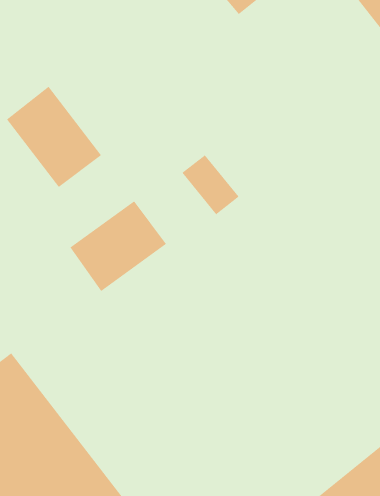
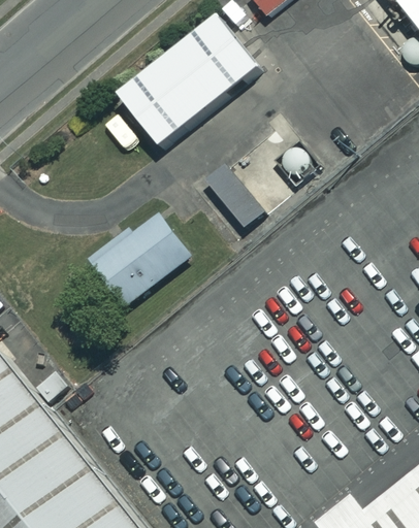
building: none -> [119,20,254,143]
building: [6,86,102,188] -> none

